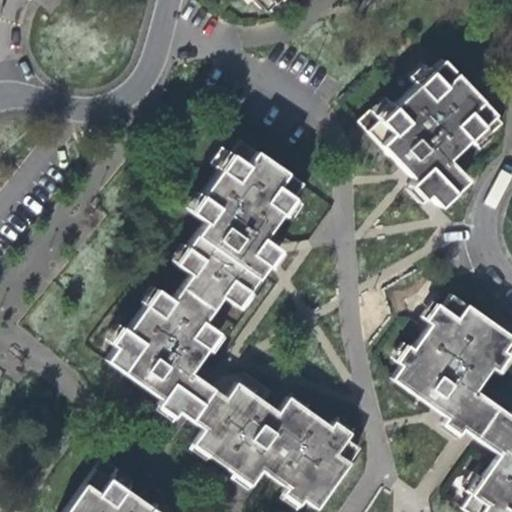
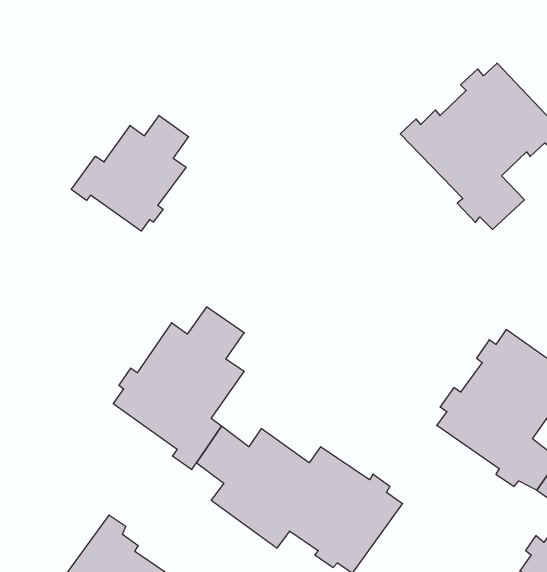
building: none -> [71,115,189,231]
building: [178,139,303,309] -> none

